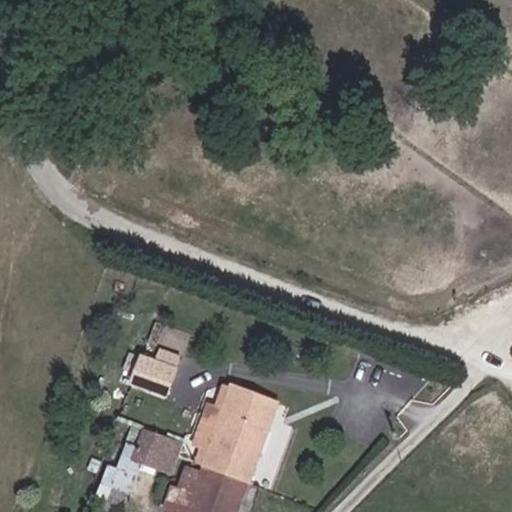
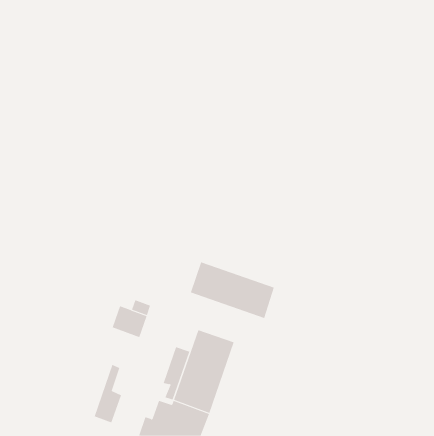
building: none -> [190,261,275,319]
building: [132,428,182,473] -> none

